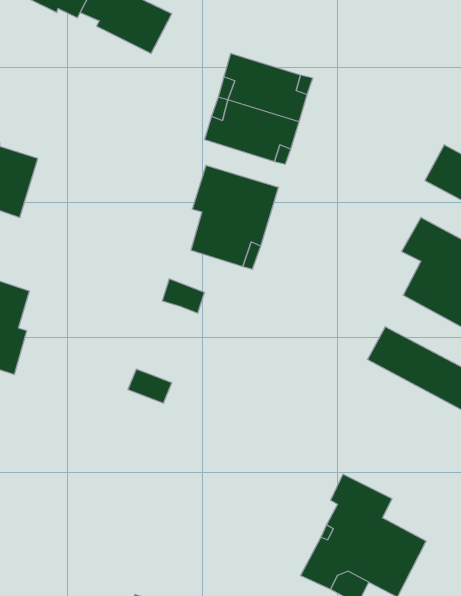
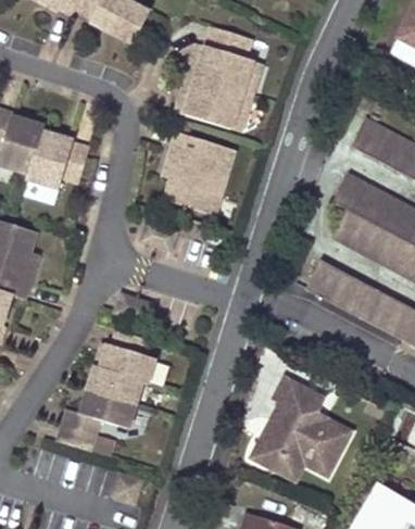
building: none -> [26,131,88,188]
building: none -> [58,330,153,451]

